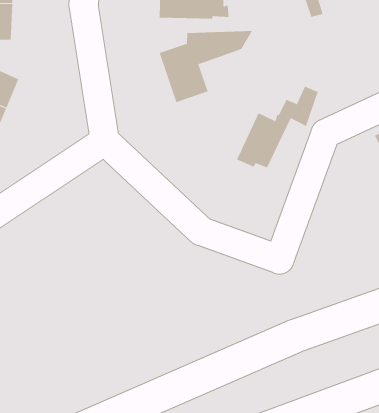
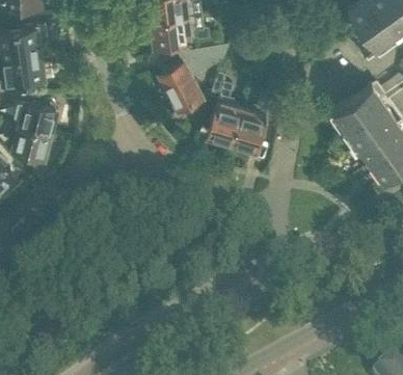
building: none -> [208,74,242,146]

